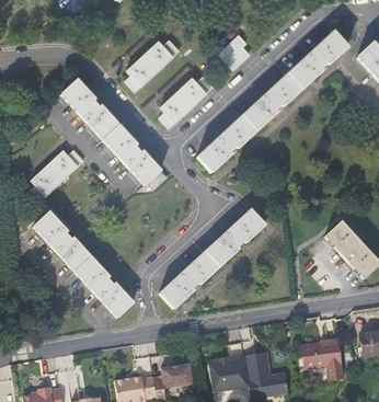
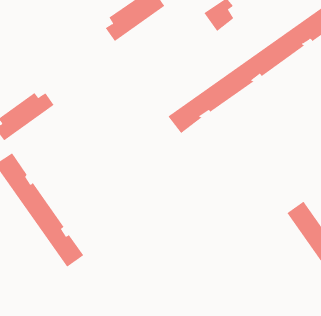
building: [160,74,214,123] -> none
building: [61,80,166,187] -> none
building: [159,208,264,309] -> none

